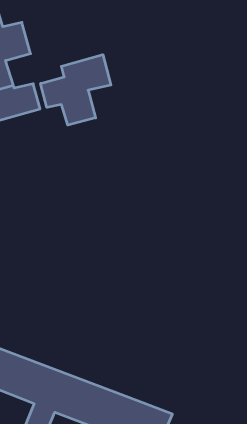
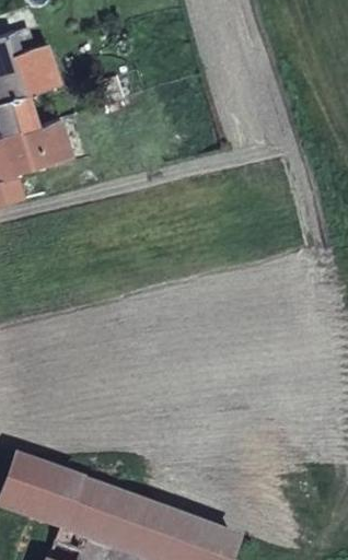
building: [41,55,111,125] -> none

